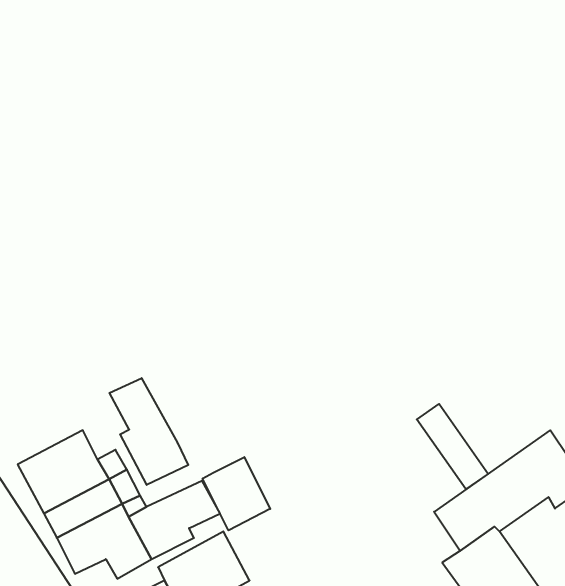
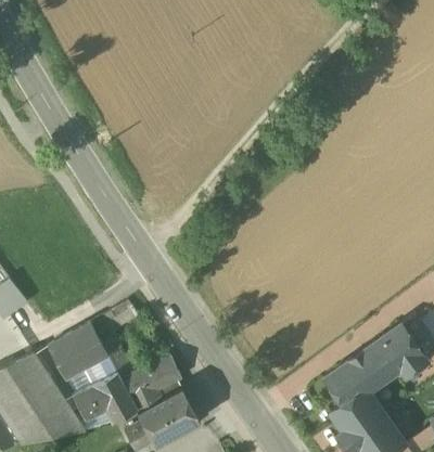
building: [109,378,188,485] -> none
building: [417,404,488,489] -> none
building: [203,457,270,530] -> none

